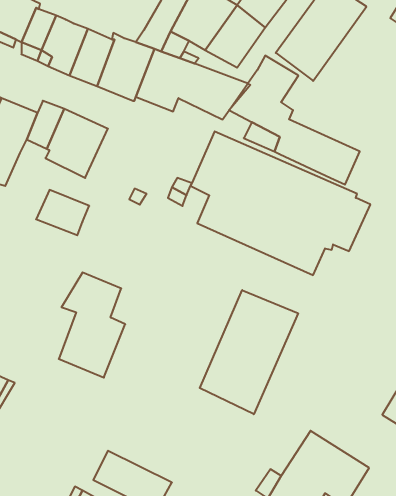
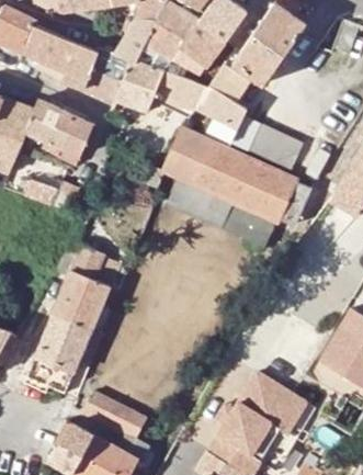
building: [200,290,298,414] -> none
building: none -> [27,314,91,393]

